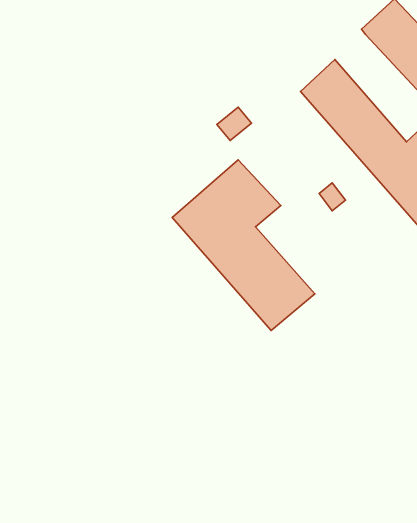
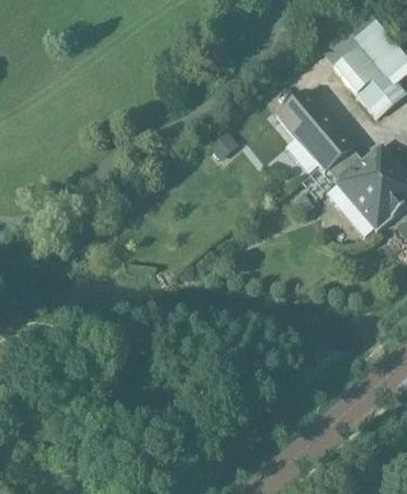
building: [172,160,315,330] -> none

